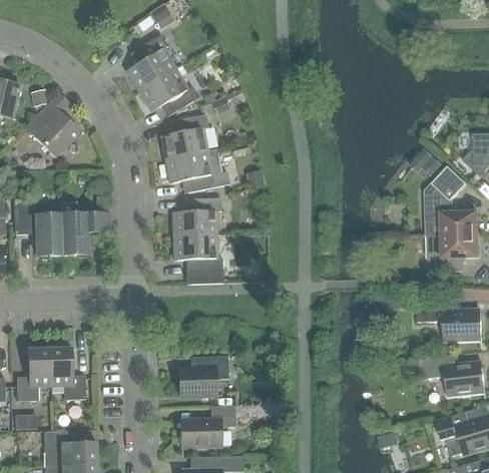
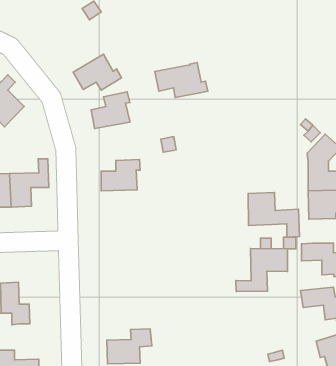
building: [125,35,175,90] -> none
building: [164,148,229,191] -> [155,62,208,98]
building: [172,234,222,284] -> none
building: none -> [248,193,300,237]
building: none -> [236,249,287,291]
building: [177,356,227,396] -> none

